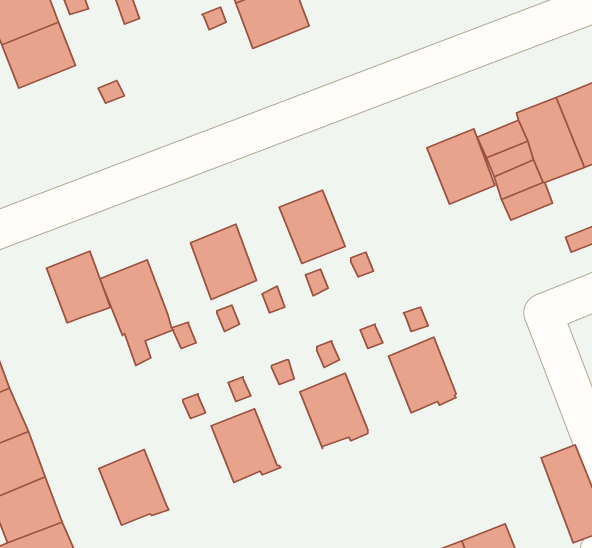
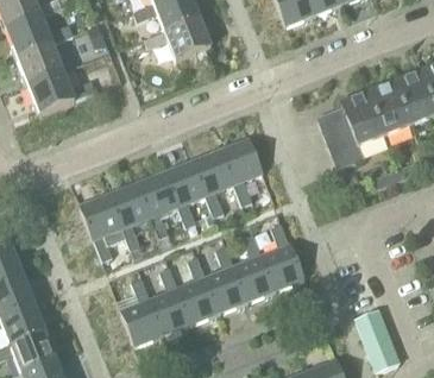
building: none -> [29,70,76,113]
building: [427,129,495,204] -> [220,137,263,184]
building: none -> [165,159,207,206]
building: [46,251,111,323] -> [109,182,150,227]
building: none -> [234,253,277,300]
building: none -> [177,276,221,322]
building: [99,450,169,525] -> [121,297,165,345]

